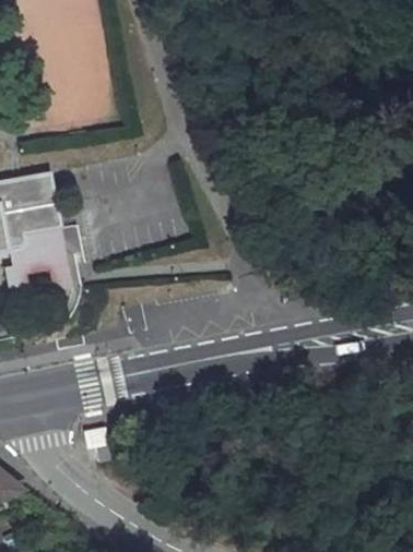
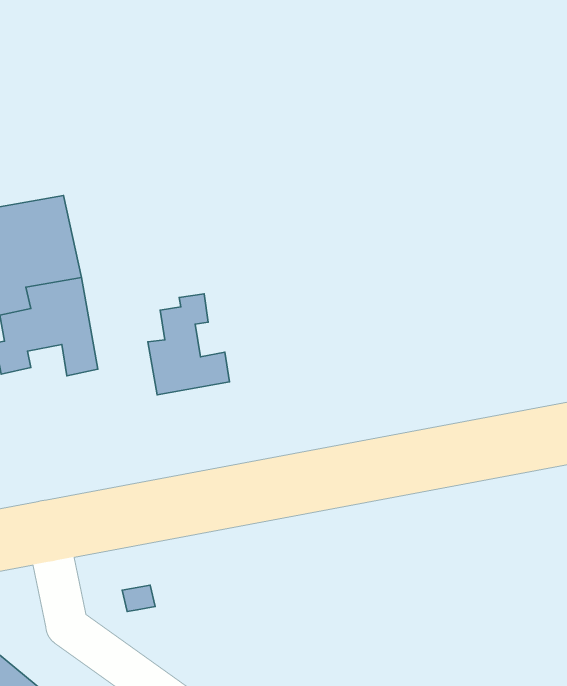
building: none -> [148,294,229,395]

